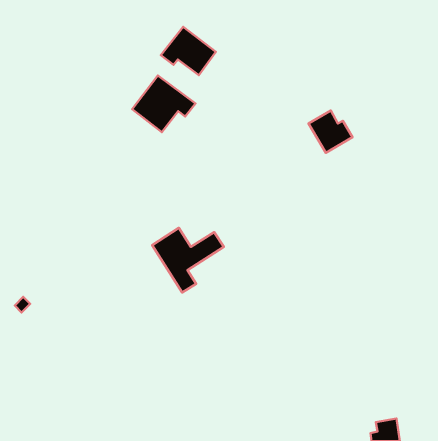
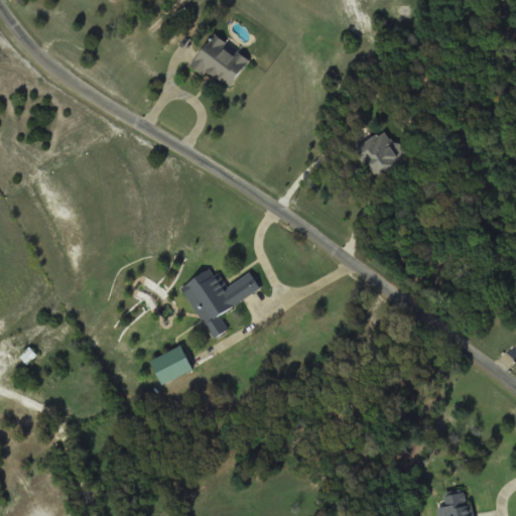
building: [132,75,195,132] -> none
building: none -> [148,344,195,385]

